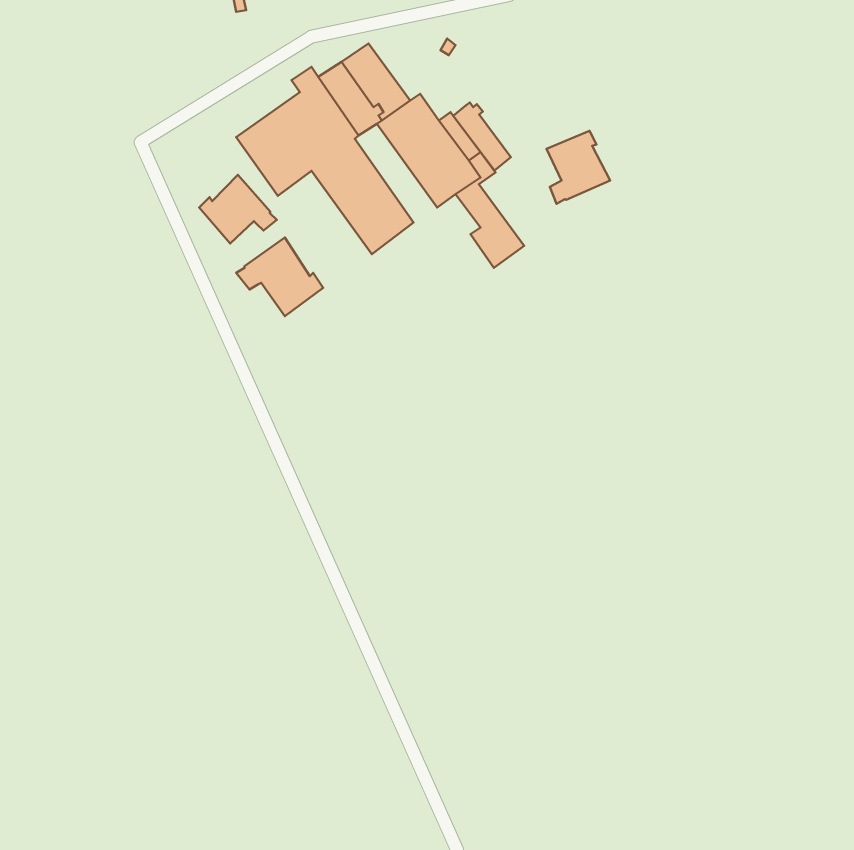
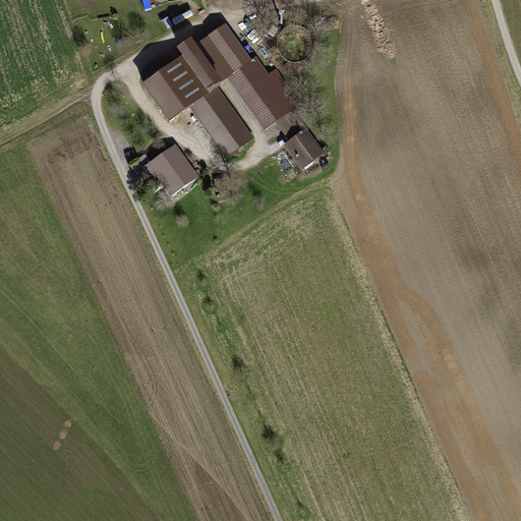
building: [453,102,511,171] -> none
building: [547,131,610,204] -> none
building: [199,175,277,244] -> none

